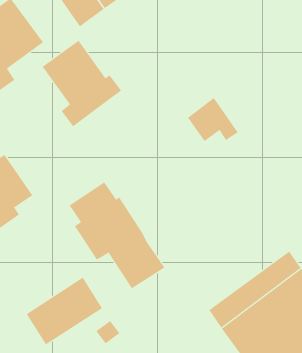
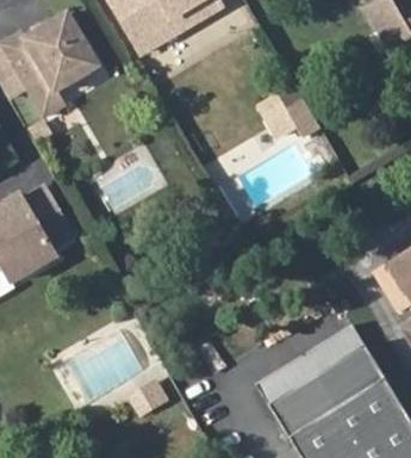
building: [42,40,122,127] -> none
building: [187,97,239,142] -> [264,85,320,135]
building: [69,182,165,289] -> none

